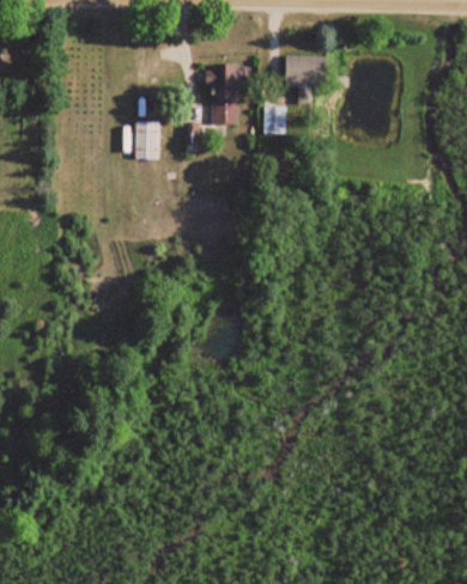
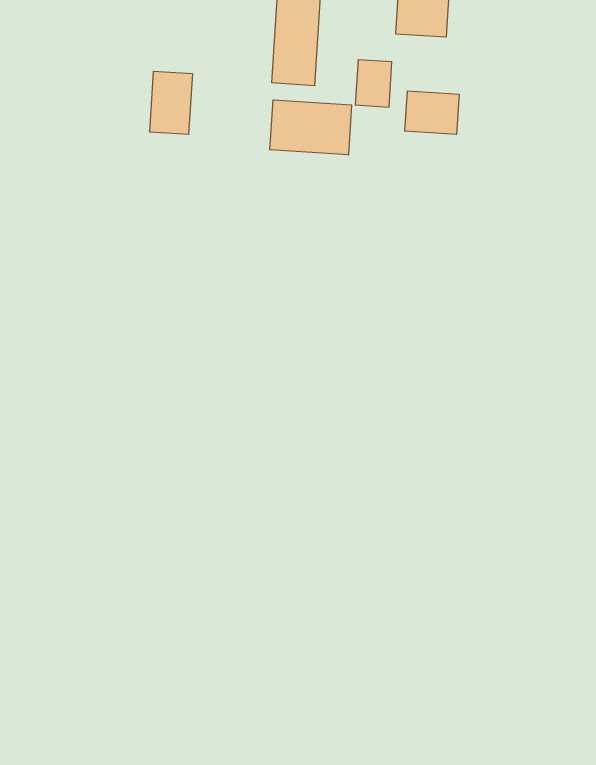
building: none -> [405,91,459,134]
building: none -> [270,100,352,155]

